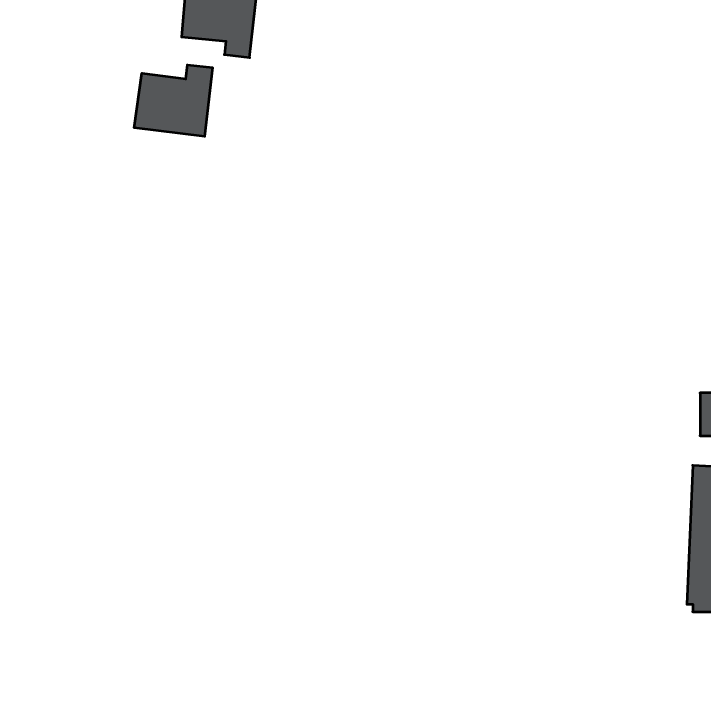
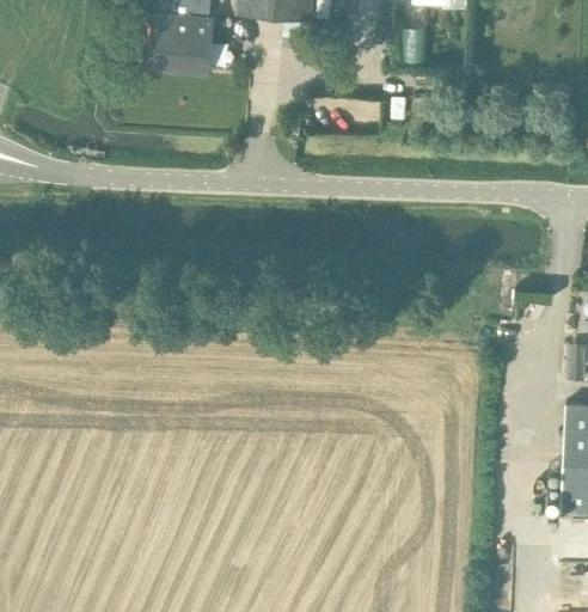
building: [134,65,212,136] -> none

